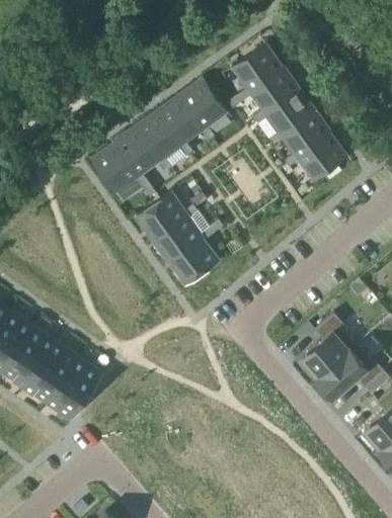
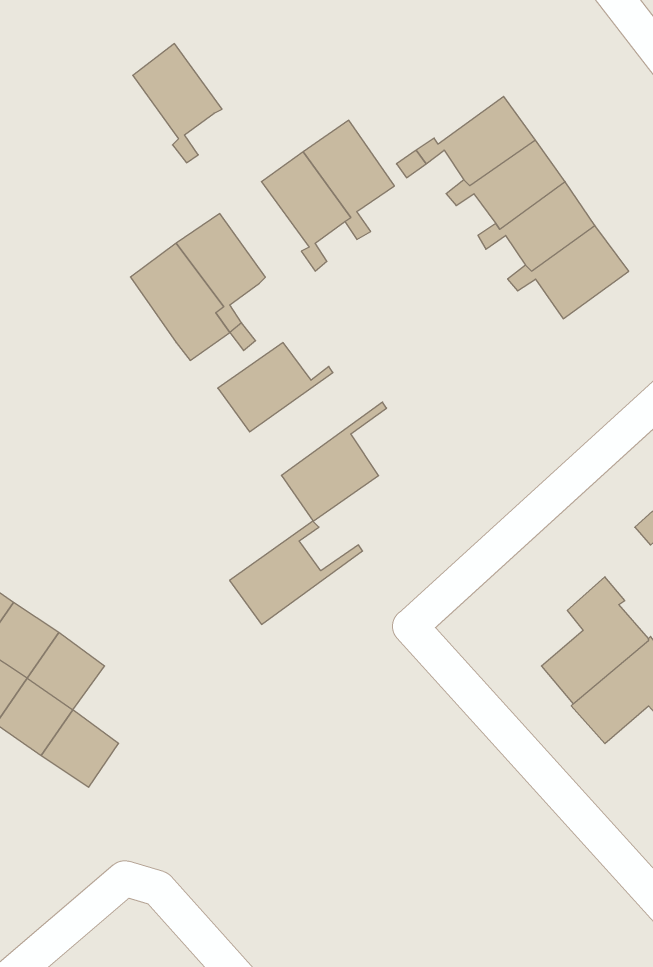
building: [232,44,282,91] -> none
building: [137,110,182,171] -> [133,44,222,163]
building: [152,207,220,260] -> [230,521,363,624]
building: [62,357,101,397] -> none

